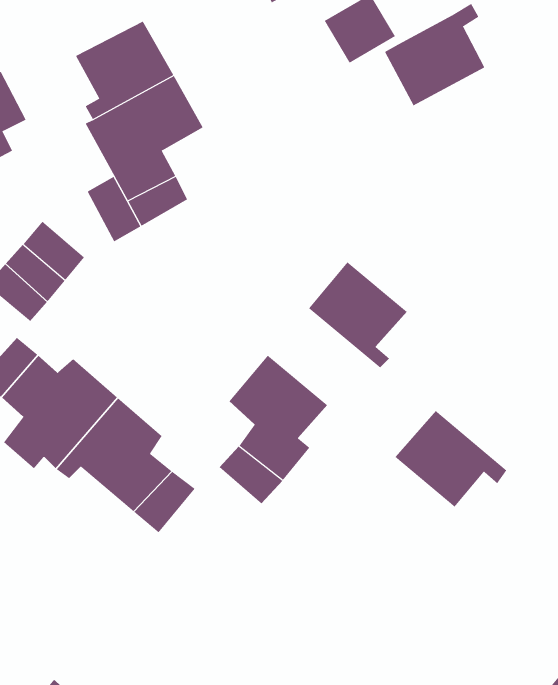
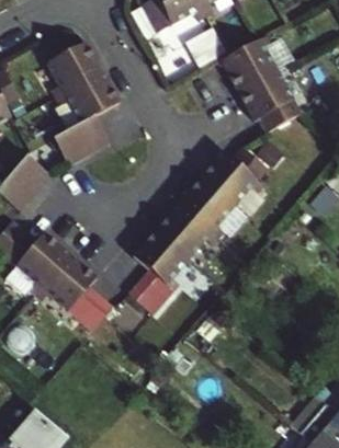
building: none -> [238,68,304,131]
building: none -> [201,147,268,206]
building: [395,410,507,507] -> [156,204,219,259]

